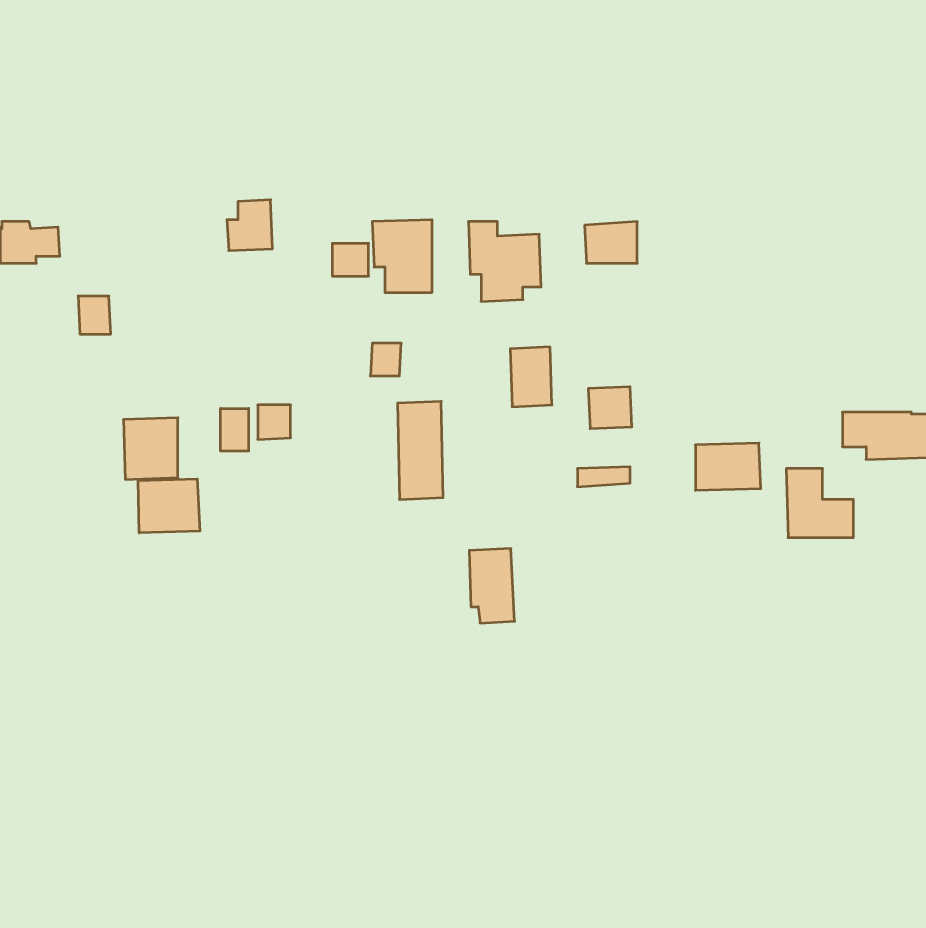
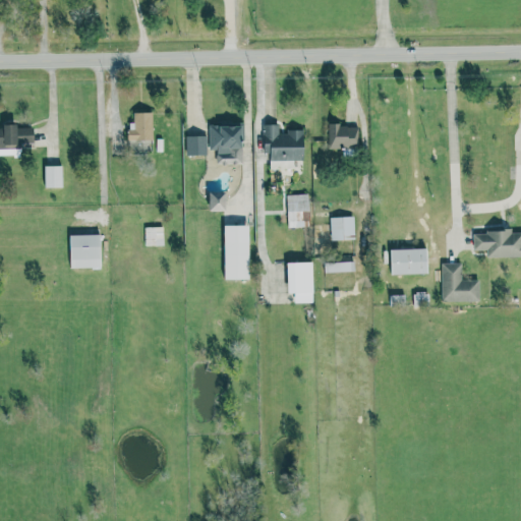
building: [221,408,249,451] -> none
building: [138,479,200,533] -> none
building: [469,549,515,623] -> [288,262,313,303]

